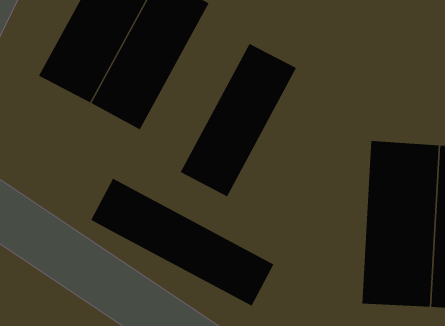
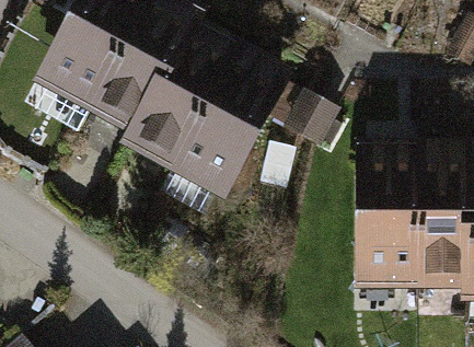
building: none -> [135,27,248,178]
building: [90,178,274,307] -> none

